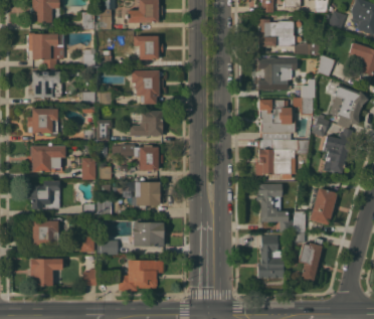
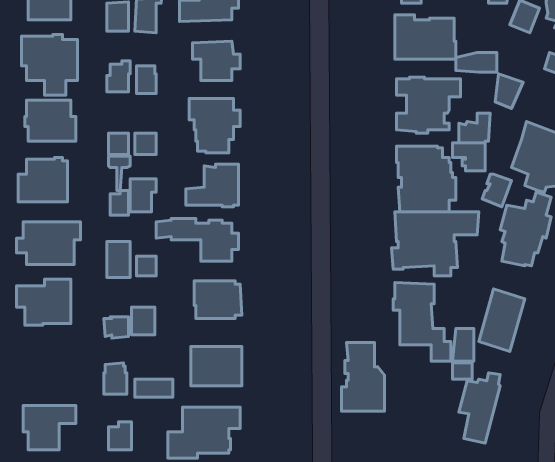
building: [32,218,62,246] -> none
building: [257,235,284,278] -> [342,342,384,411]

